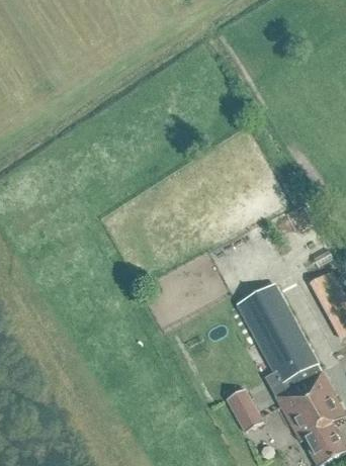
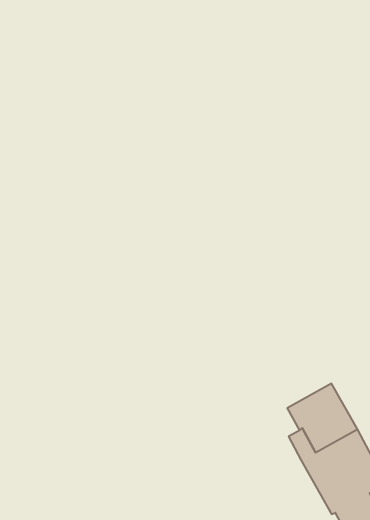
building: [239,284,302,354] -> none
building: [229,388,265,432] -> none

